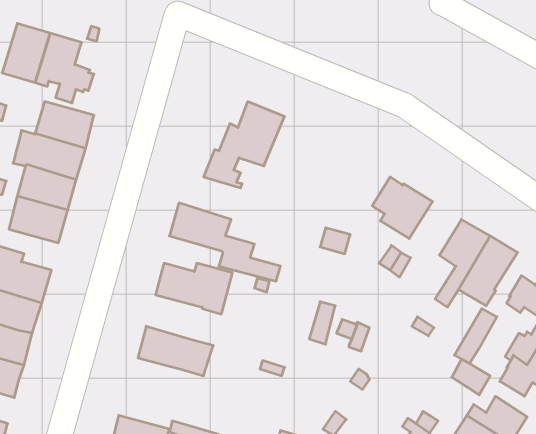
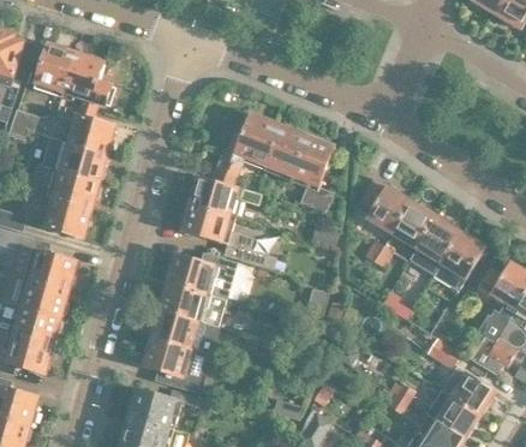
building: none -> [263,126,334,213]
building: none -> [189,175,261,216]
building: none -> [390,201,436,248]
building: none -> [160,282,240,327]
building: none -> [143,338,210,392]

